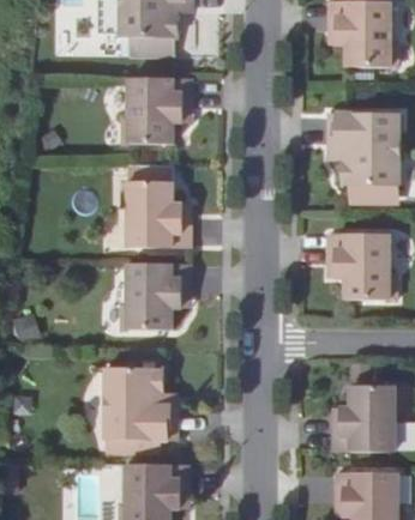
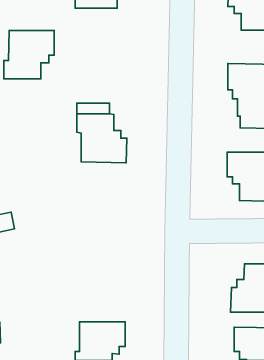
building: [121,78,190,144] -> [4,30,54,79]
building: [120,264,188,329] -> none
building: [104,368,175,441] -> none

